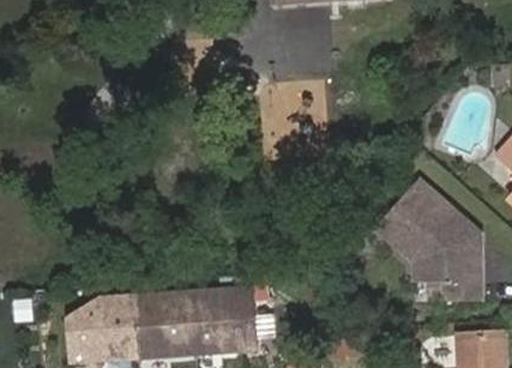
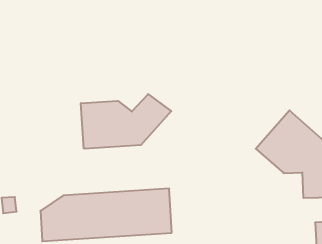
building: none -> [81,94,171,149]

